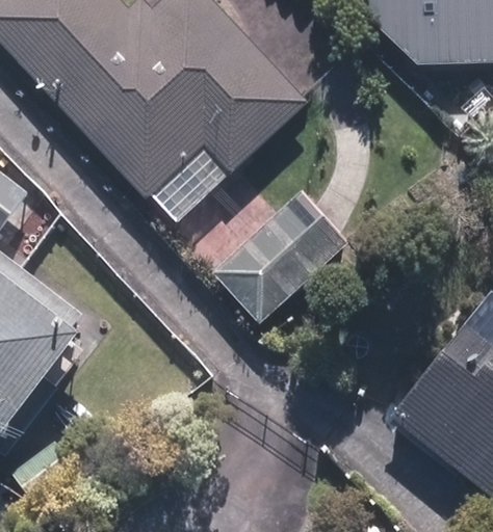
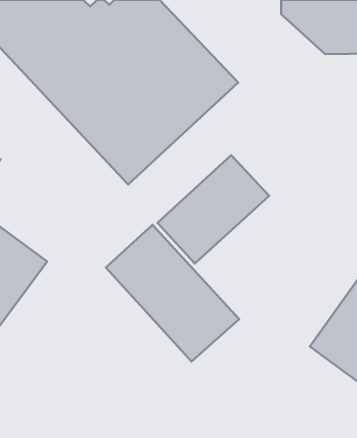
building: none -> [106,225,239,362]

